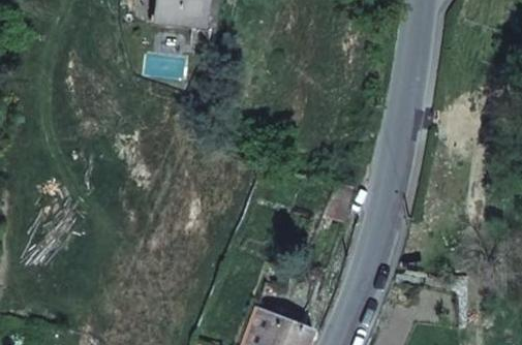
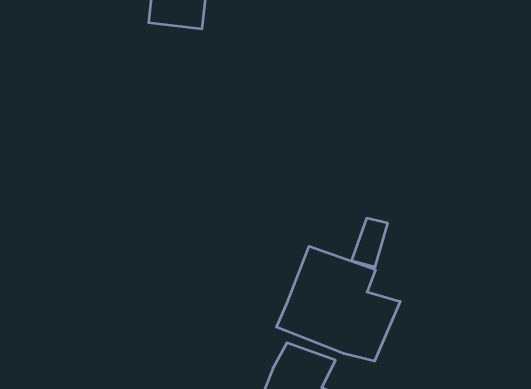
building: none -> [276,246,400,361]

